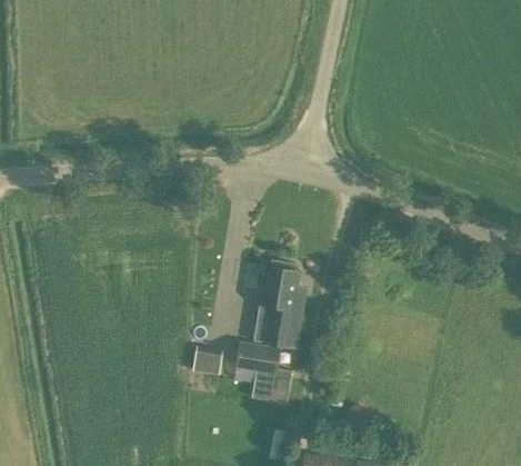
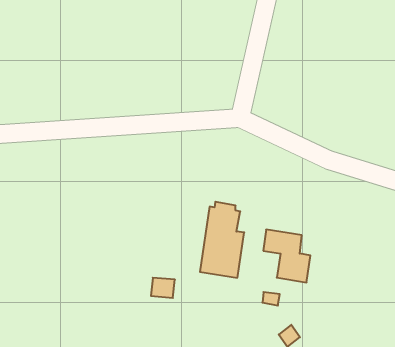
building: [236,341,290,403] -> [263,230,310,282]

